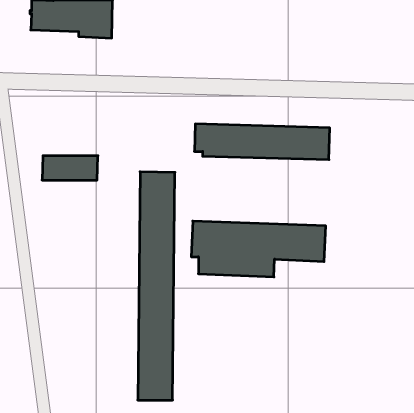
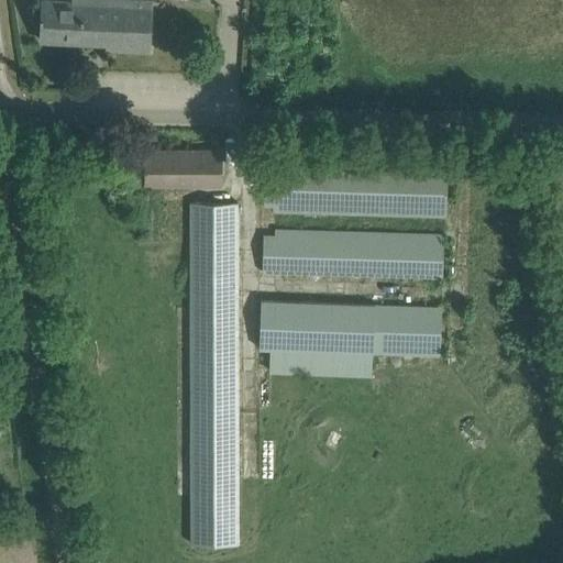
building: none -> [190,202,241,235]
building: [42,156,98,180] -> [146,152,222,185]
building: none -> [263,230,444,277]

